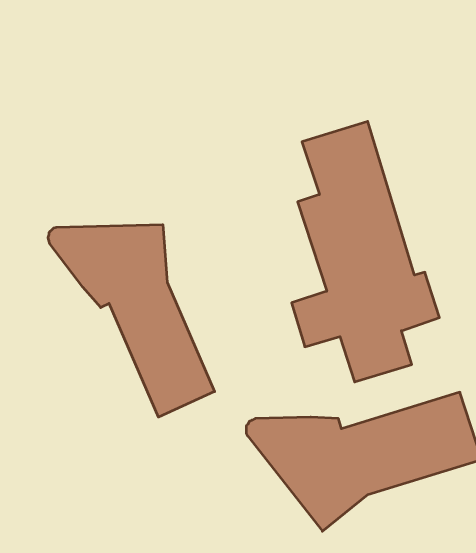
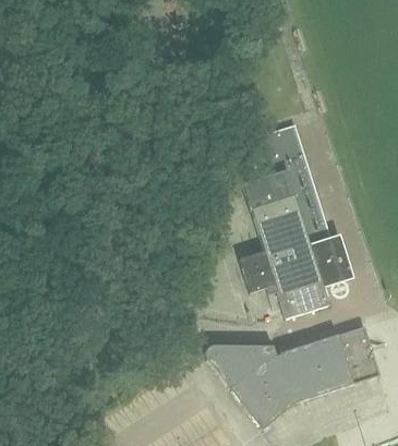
building: [48,225,215,417] -> none

